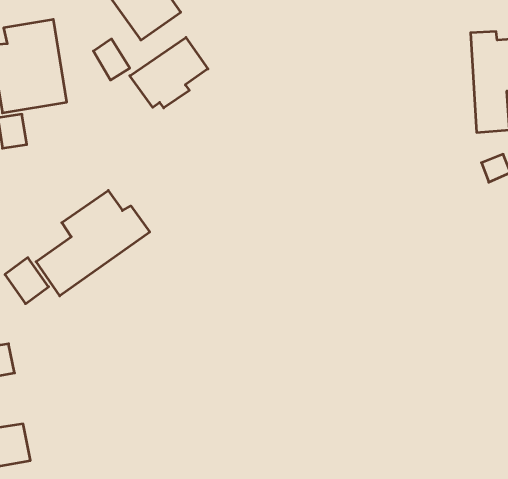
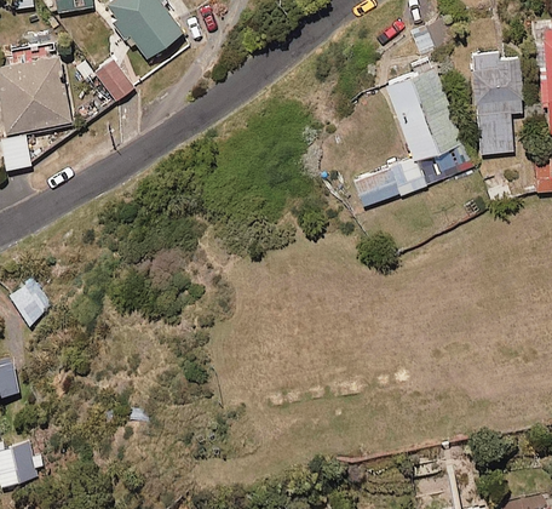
building: [130,37,208,108] -> none
building: none -> [352,64,470,206]
building: [36,190,150,296] -> none

